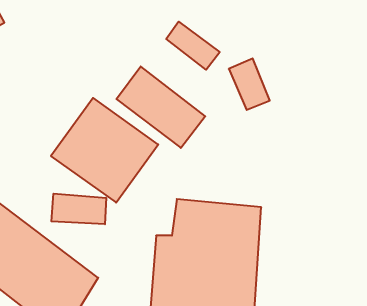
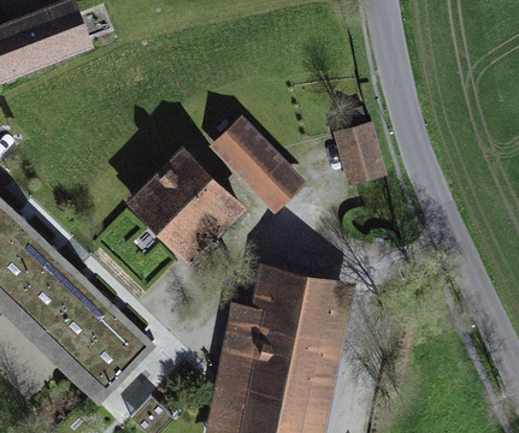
building: [166,22,220,70] -> none
building: [51,194,106,224] -> none

